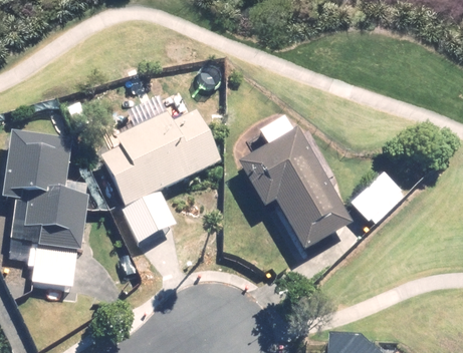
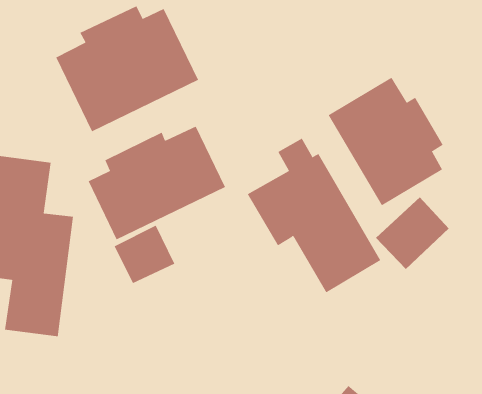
building: none -> [55,5,199,132]
building: none -> [328,77,443,206]

